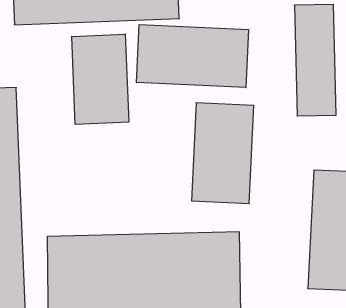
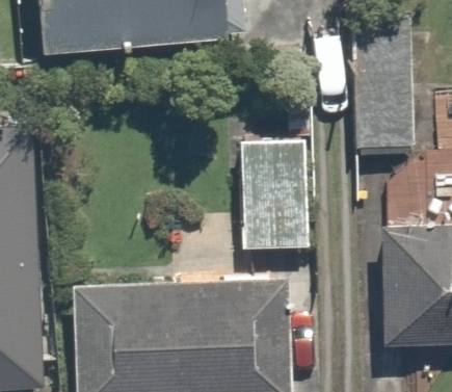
building: [137,25,248,88] -> none
building: [72,34,129,124] -> none

